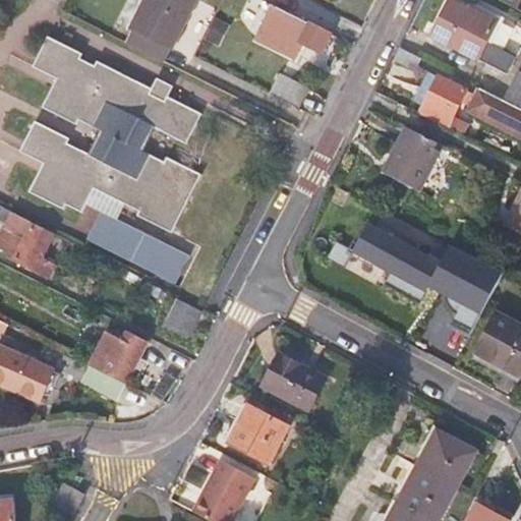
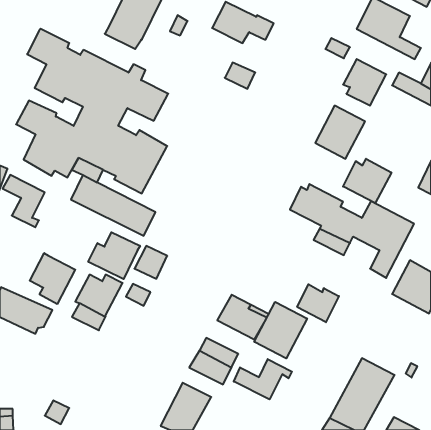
building: none -> [343,159,391,203]
building: none -> [88,232,140,279]
building: none -> [30,253,75,304]
building: none -> [297,284,339,322]
building: none -> [254,302,307,358]
building: none -> [234,359,292,399]

